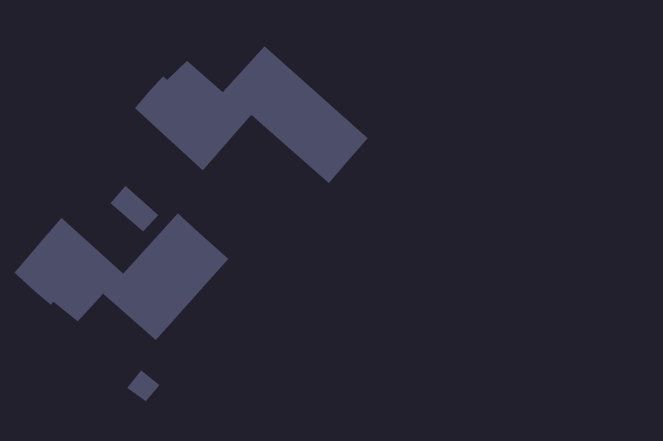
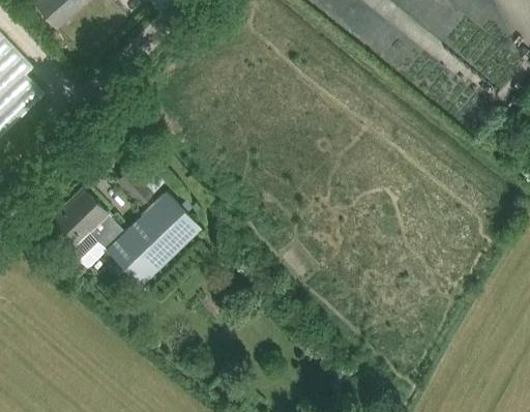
building: [134,45,369,184] -> none

